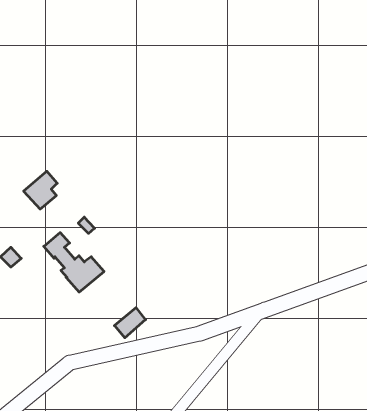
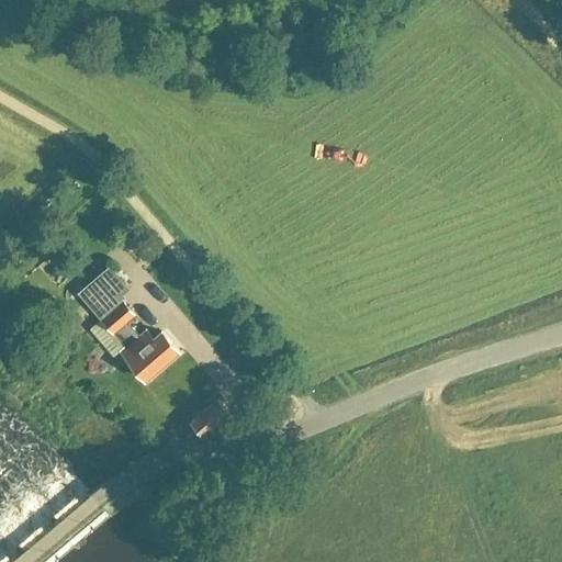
building: [24,171,57,209] -> [78,271,121,319]

